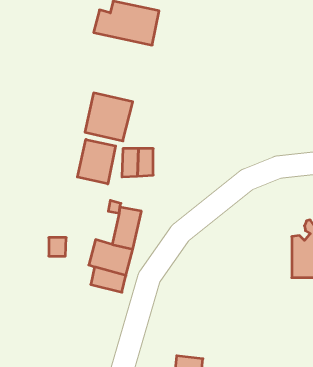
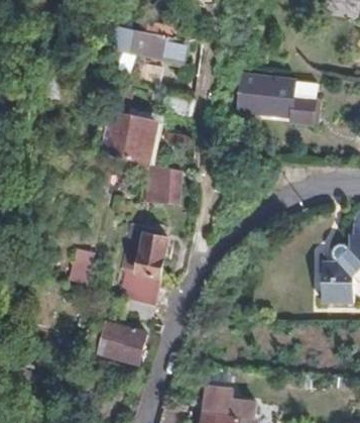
building: none -> [232,71,311,120]
building: [77,139,116,184] -> none
building: none -> [99,323,145,363]

